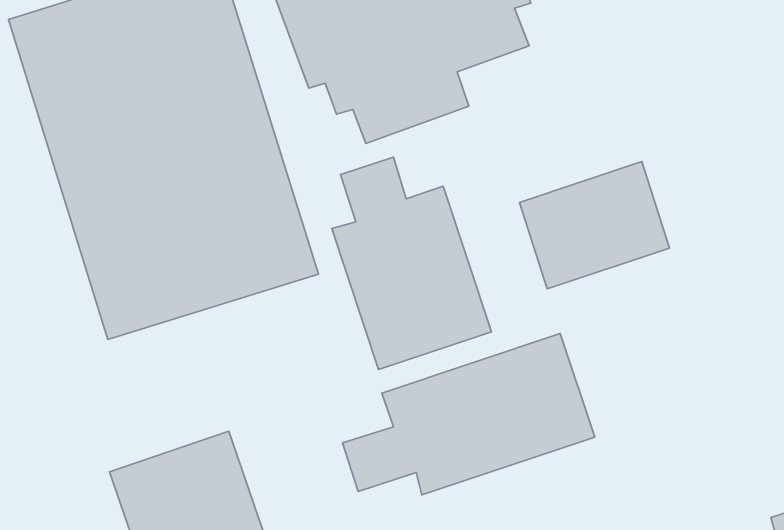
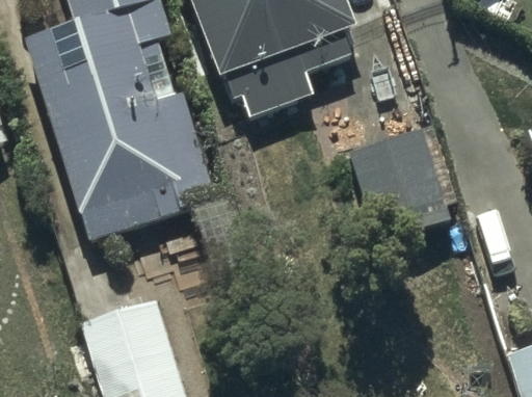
building: [332,157,492,369] -> none
building: [343,334,595,495] -> none

